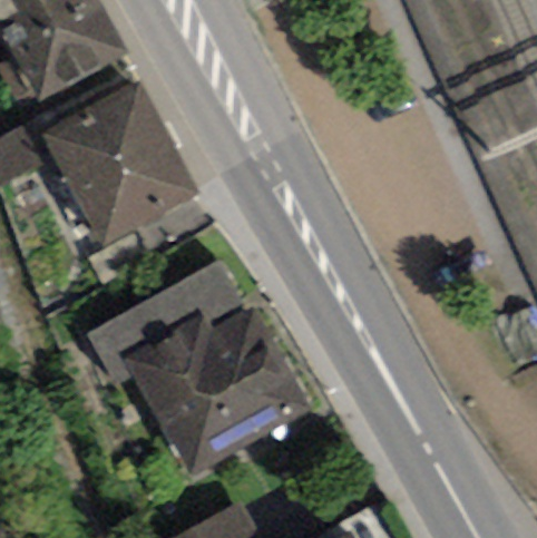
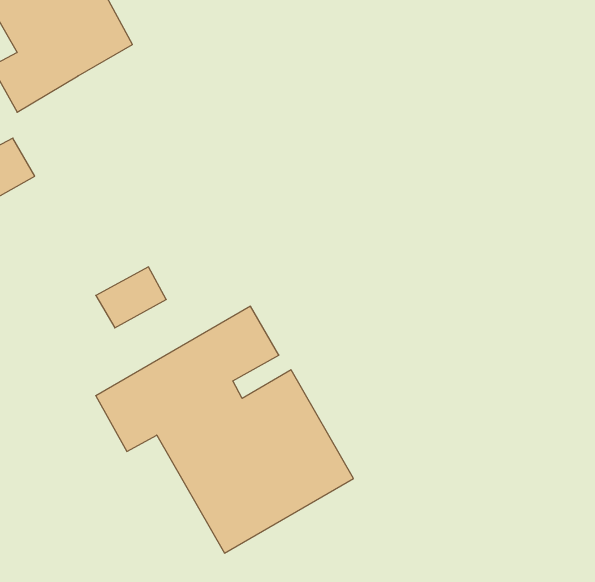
building: [45,85,192,234] -> none

